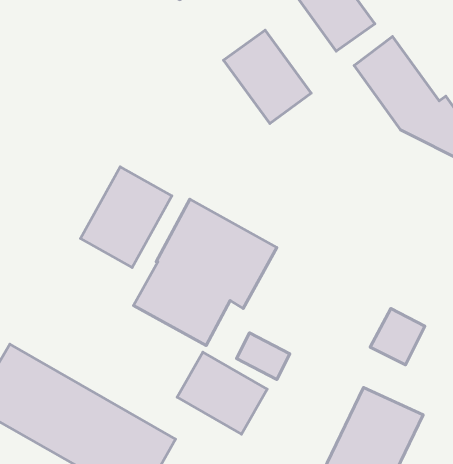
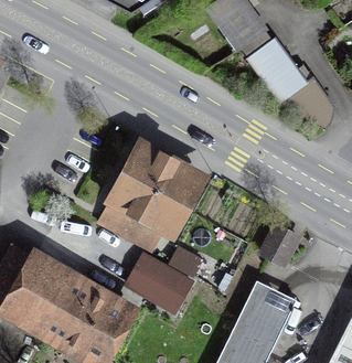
building: [224,30,311,123] -> none
building: [80,167,172,267] -> none

